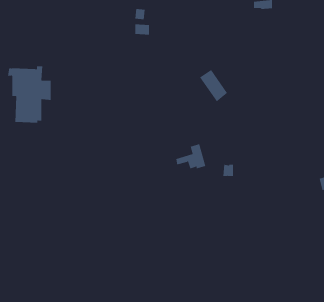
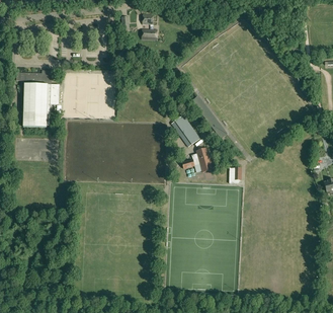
building: [199,69,228,102] -> [170,114,198,147]

